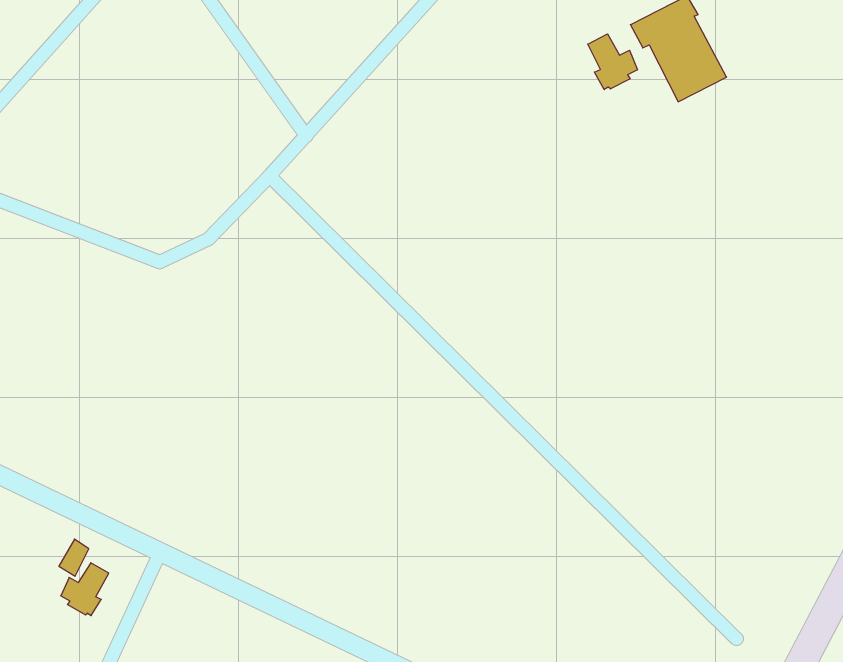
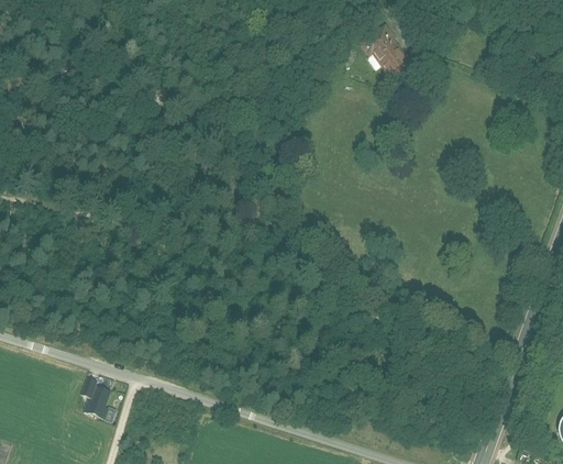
building: [588,34,637,90] -> none

